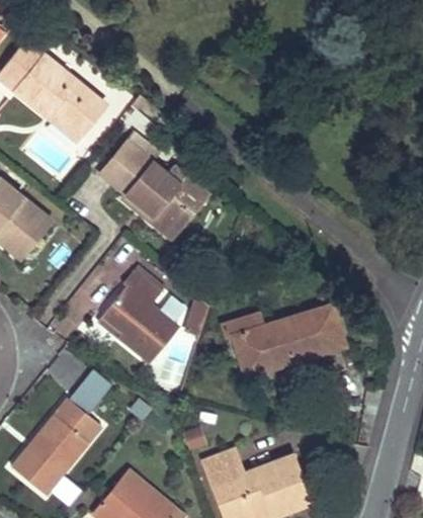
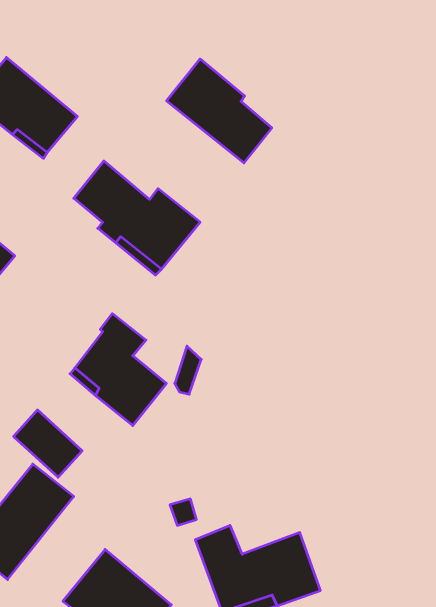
building: none -> [167,59,272,163]
building: [232,304,345,377] -> none

